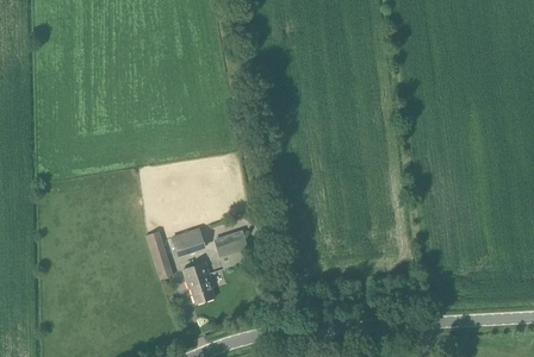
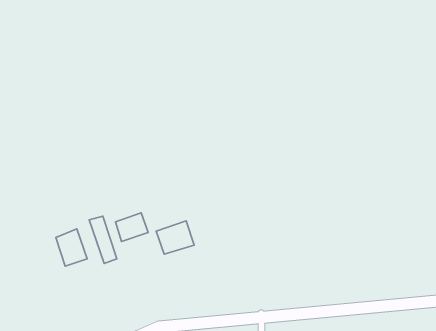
building: none -> [56,229,87,266]
building: [182,263,215,305] -> none

